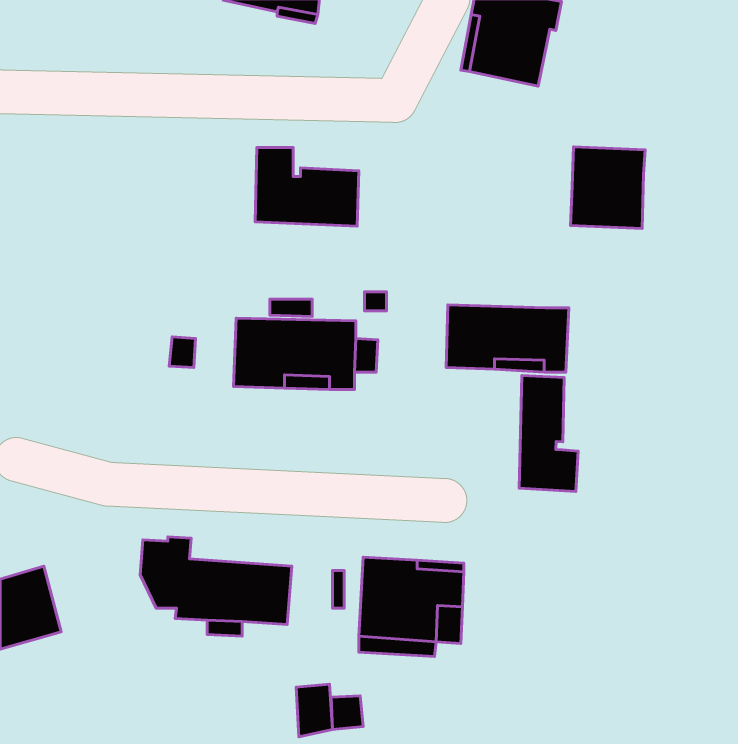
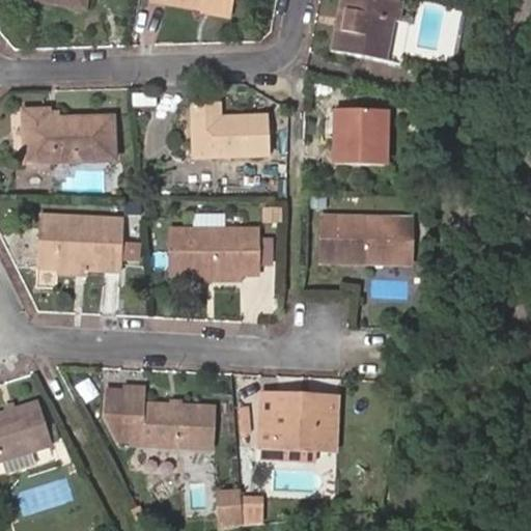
building: [571,147,645,229] -> [335,107,388,165]
building: none -> [26,108,113,160]
building: none -> [37,214,123,269]
building: [519,375,578,491] -> none

